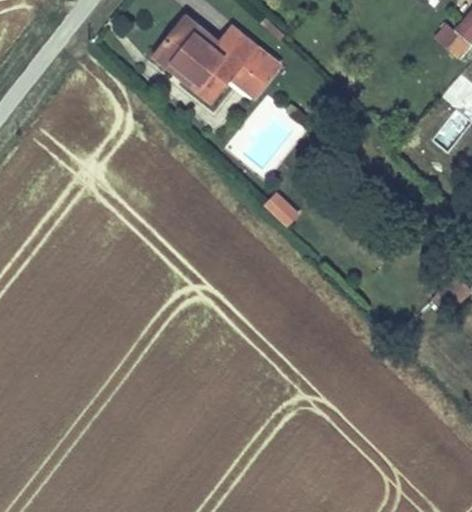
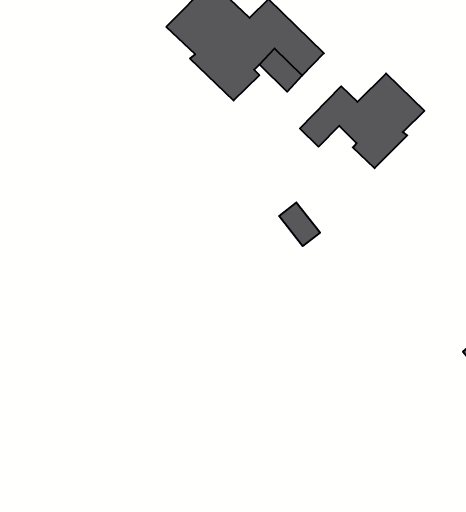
building: none -> [300,73,424,168]

